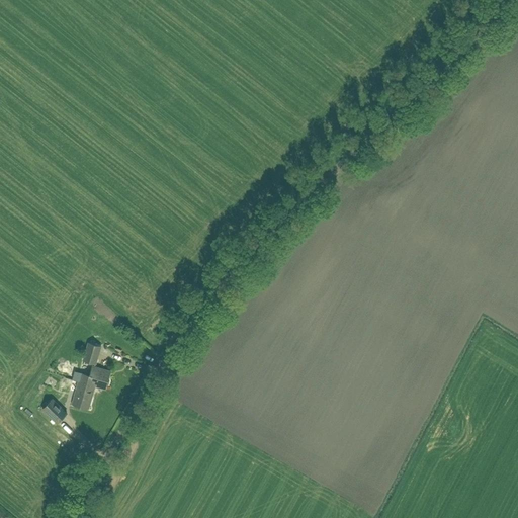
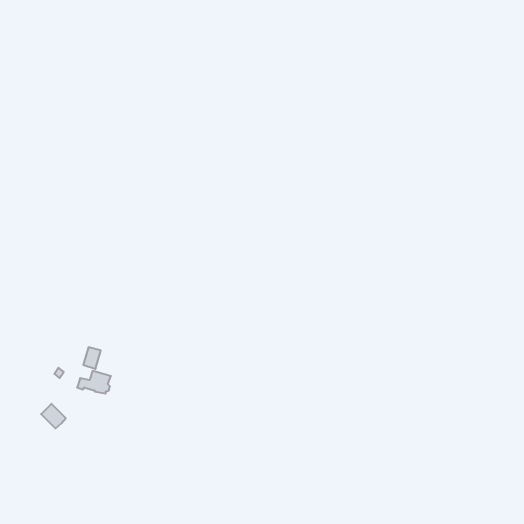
building: [70,382,93,409] -> none

